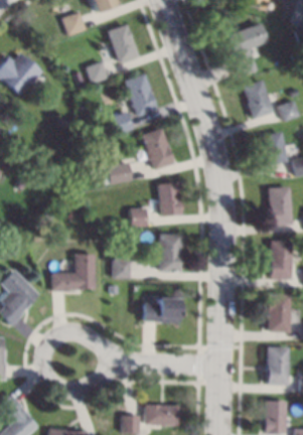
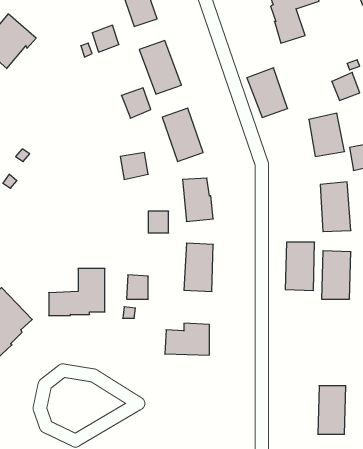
building: [241,79,273,118] -> [247,68,288,117]
building: [267,294,290,332] -> [285,242,315,291]

